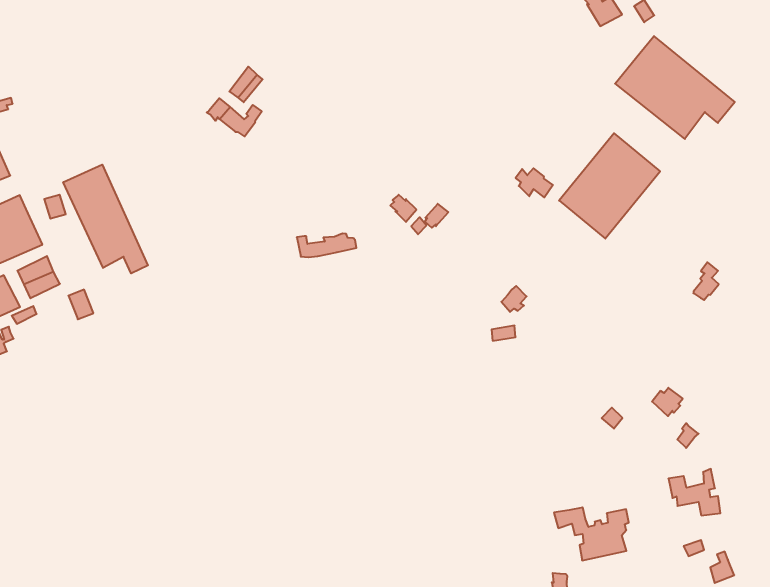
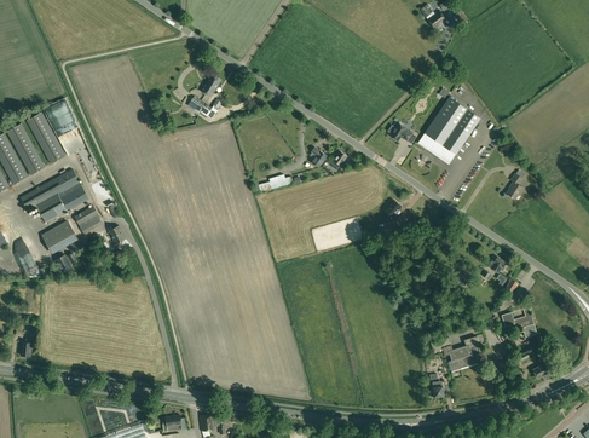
building: [615,36,735,139] -> none
building: [63,165,148,273] -> none

